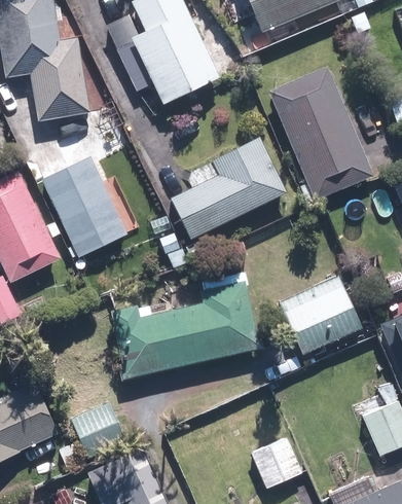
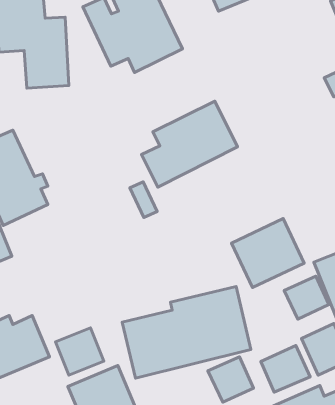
building: [269,64,375,205] -> none
building: [42,157,127,257] -> none
building: [112,273,263,381] -> [122,286,251,378]
building: none -> [284,276,329,319]
building: none -> [261,346,310,392]

